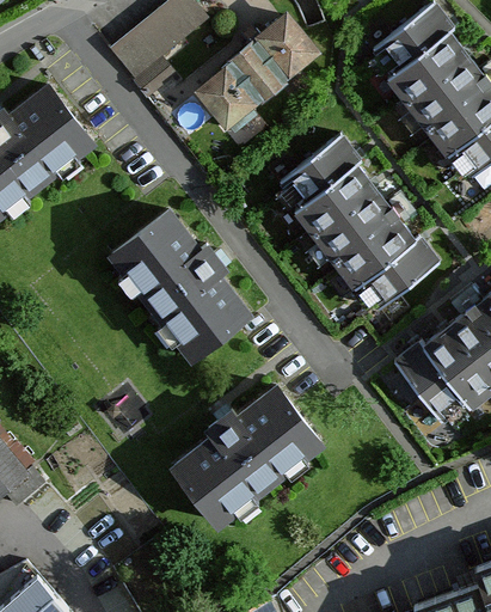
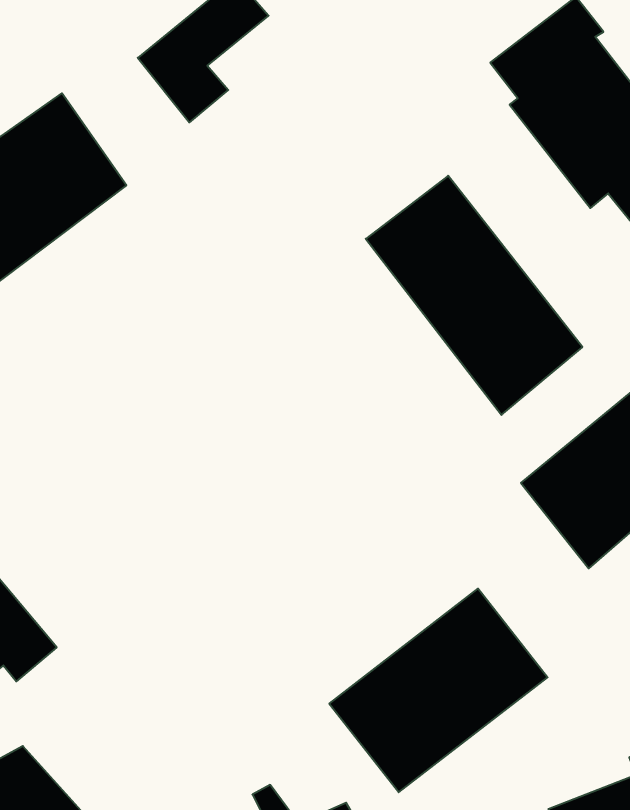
building: [192,14,319,133] -> none
building: [112,204,258,365] -> none
building: [172,379,333,530] -> [329,589,548,792]

